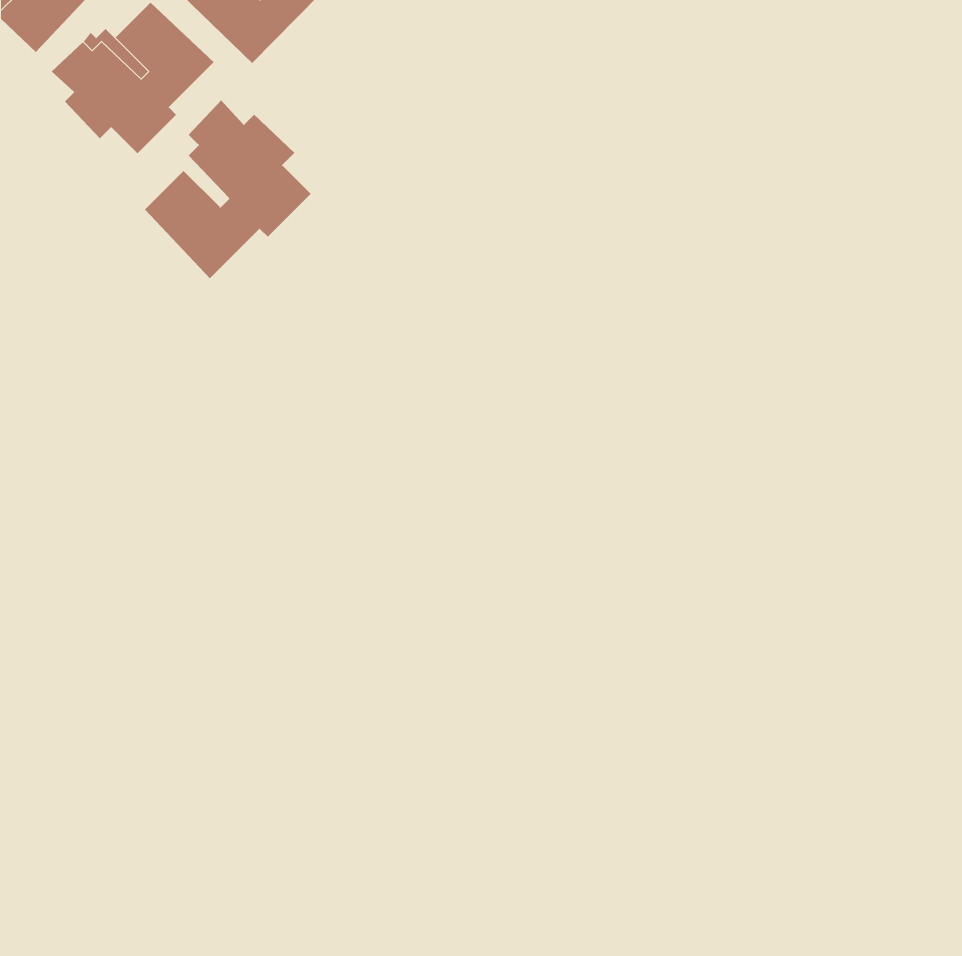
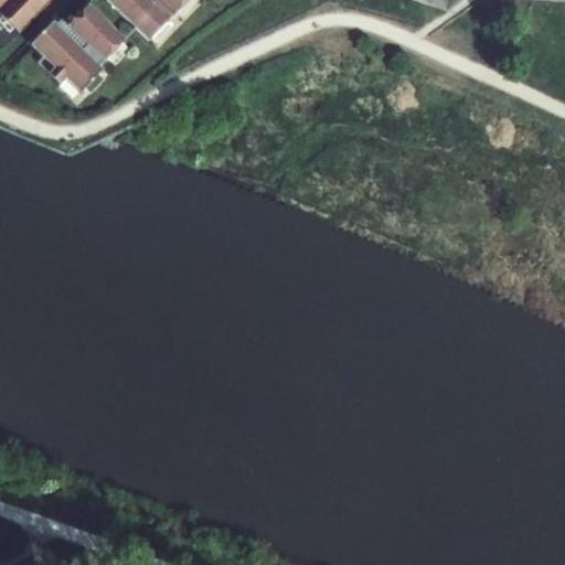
building: [144,100,311,279] -> none

